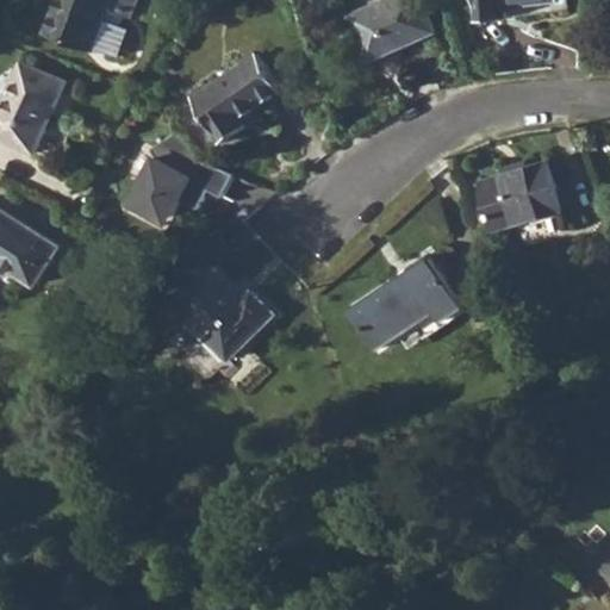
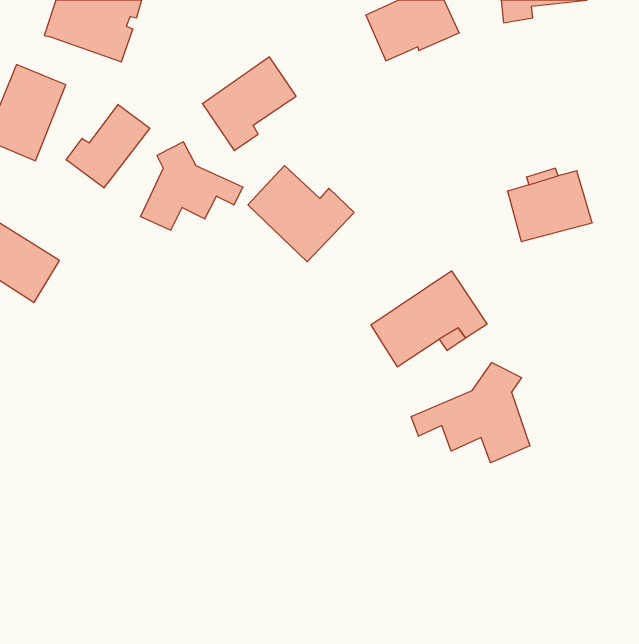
building: none -> [66,104,150,188]
building: [173,269,273,360] -> [248,166,354,262]
building: none -> [411,363,530,463]

